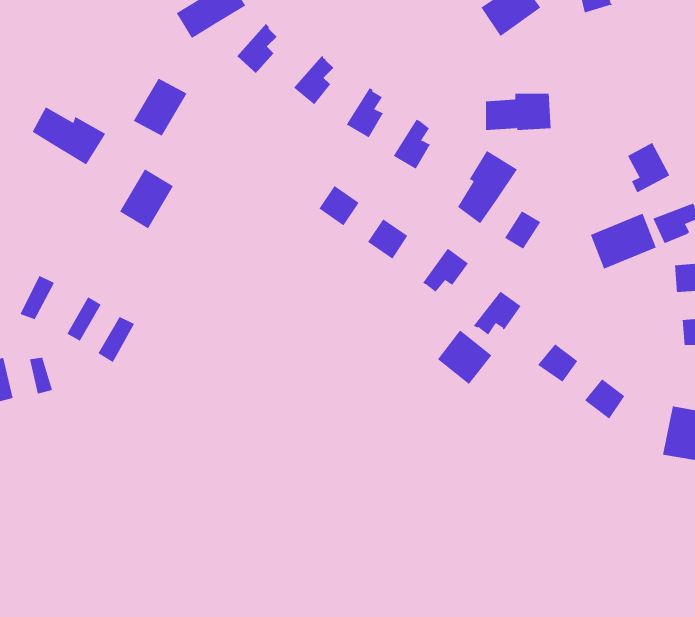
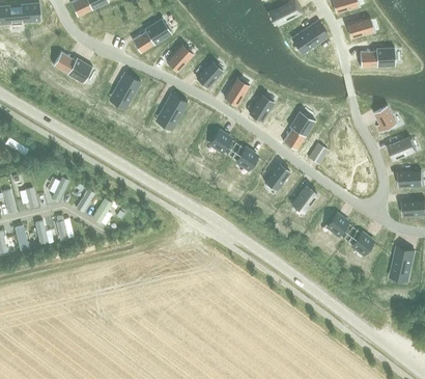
building: [485,93,552,130] -> [360,48,395,67]
building: [32,106,106,165] -> [53,51,92,82]
building: [119,169,174,229] -> [158,92,187,125]
building: [590,213,656,270] -> none
building: [437,330,492,385] -> none

